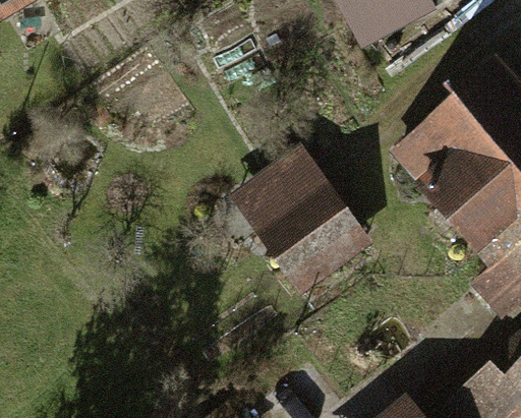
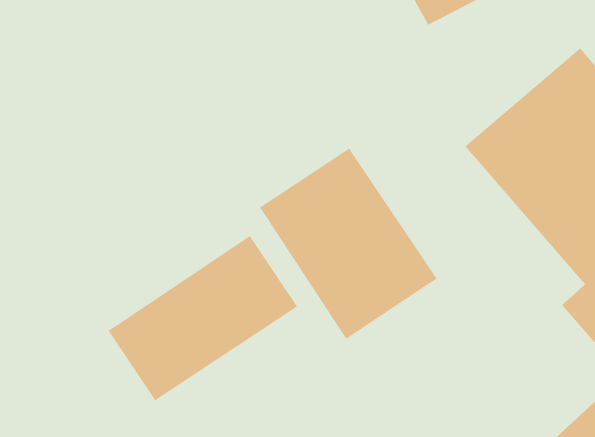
building: none -> [108,235,298,401]

